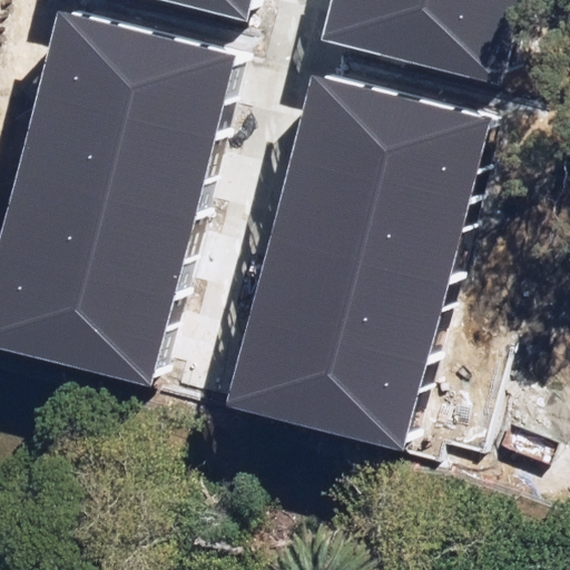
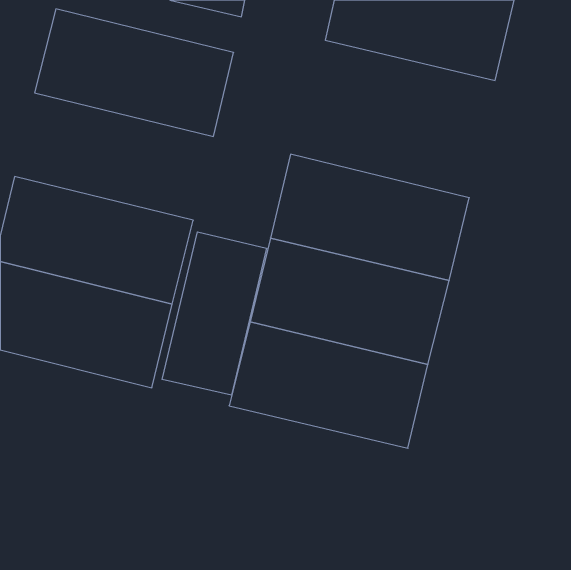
building: [289,71,488,198] -> none
building: [14,94,213,220] -> none
building: none -> [162,232,266,395]

